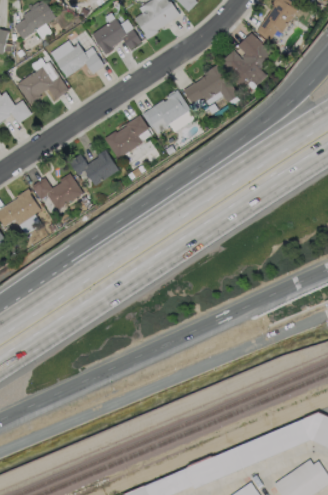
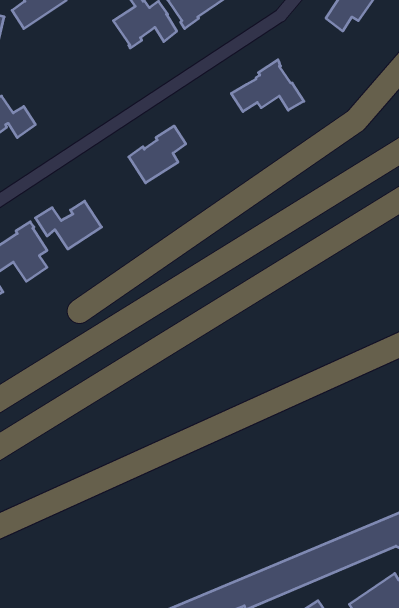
building: [220,32,275,86] -> none
building: [50,41,104,78] -> none
building: [17,58,69,105] -> none
building: [142,90,191,133] -> none
building: [68,150,118,186] -> none

